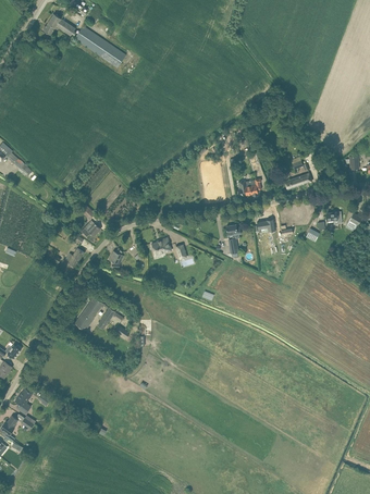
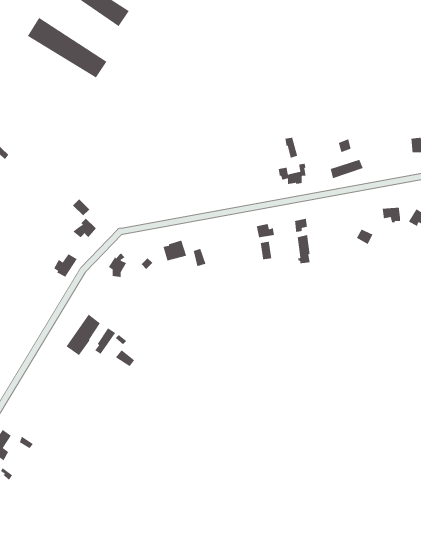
building: none -> [27,17,107,79]

